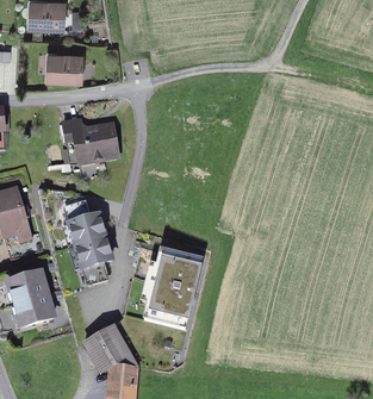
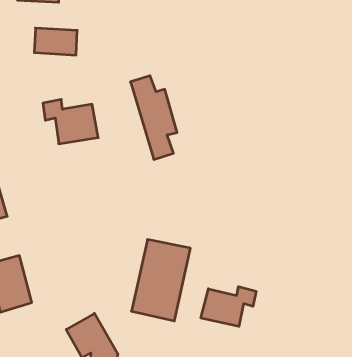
building: [63,202,108,283] -> [130,76,177,159]
building: none -> [201,287,256,326]

